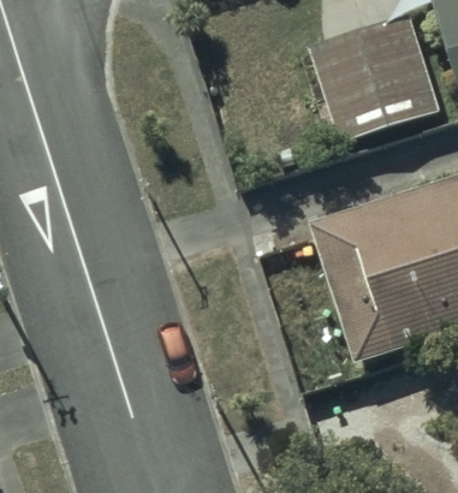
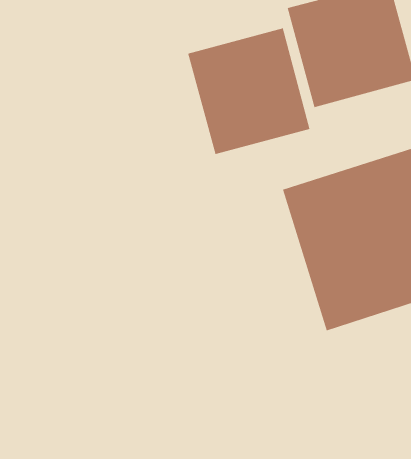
building: none -> [187,27,310,155]

